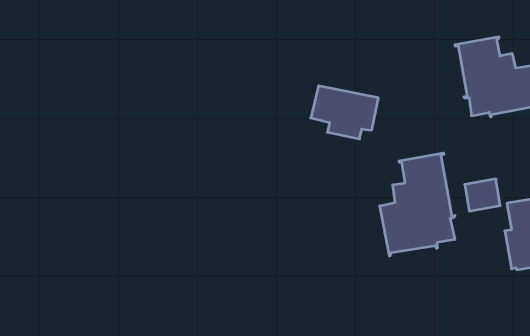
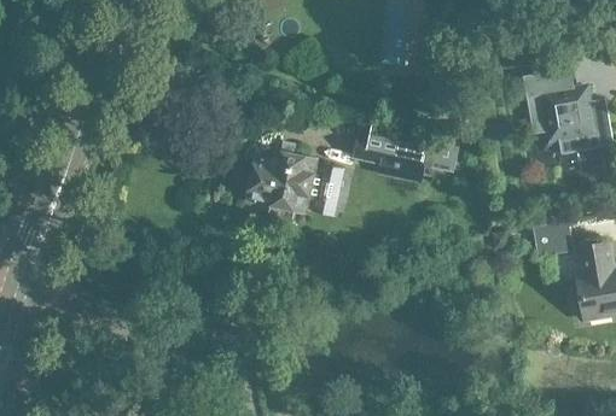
building: none -> [246,151,345,223]
building: [380,153,455,256] -> none

